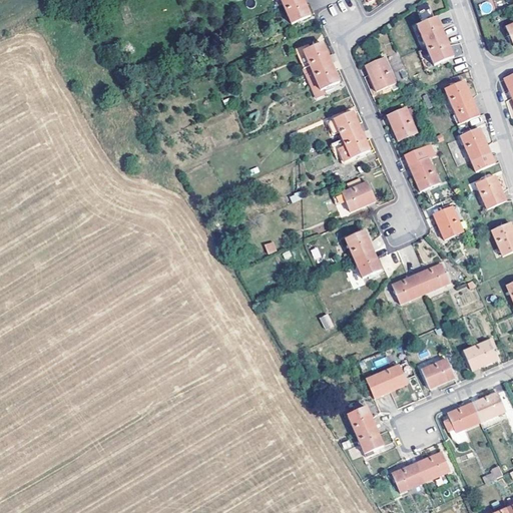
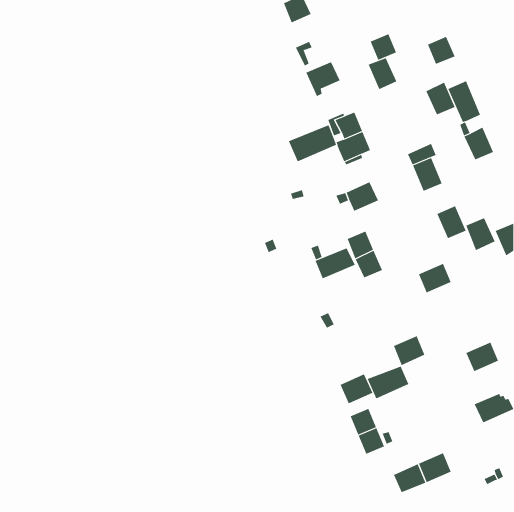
building: [417,17,444,44] -> [370,33,397,61]
building: [303,42,330,69] -> none
building: [388,106,418,139] -> [425,82,456,115]
building: none -> [288,125,337,162]
building: [477,174,507,207] -> [465,217,496,251]
building: none -> [315,248,356,279]
building: [391,273,424,303] -> none
building: [422,358,454,388] -> [393,336,425,366]
building: none -> [340,373,373,404]
building: [443,402,480,442] -> none

